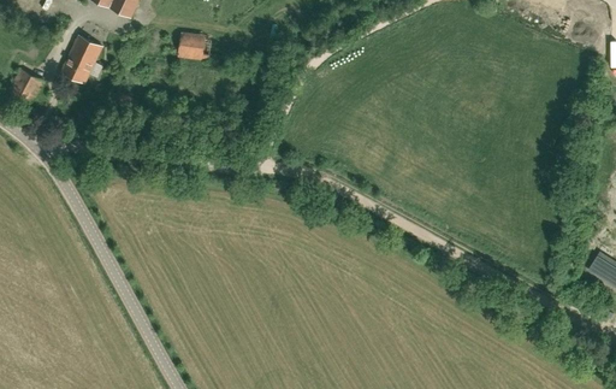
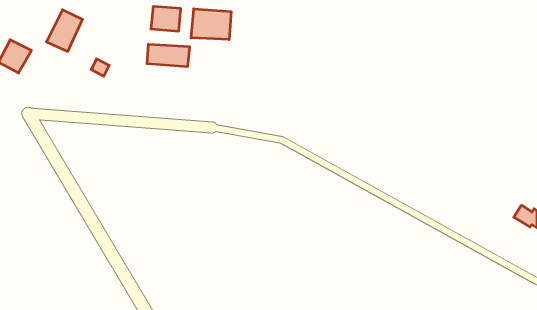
building: none -> [191,9,231,40]
building: none -> [147,44,189,67]

